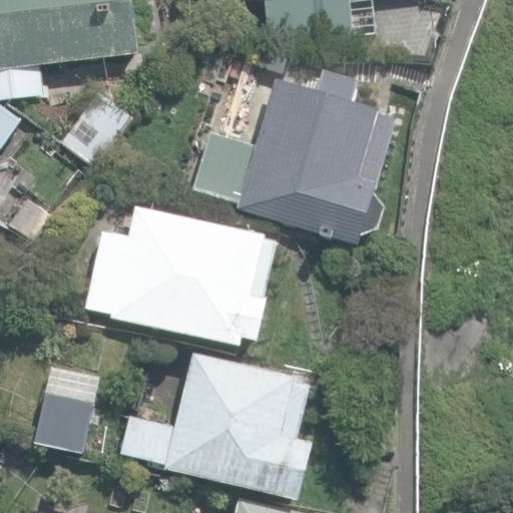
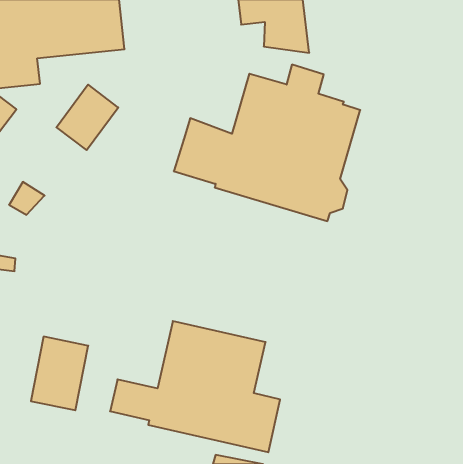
building: [85,205,274,346] -> none

